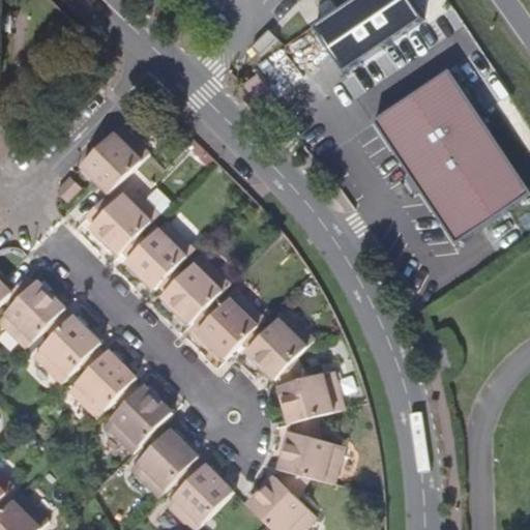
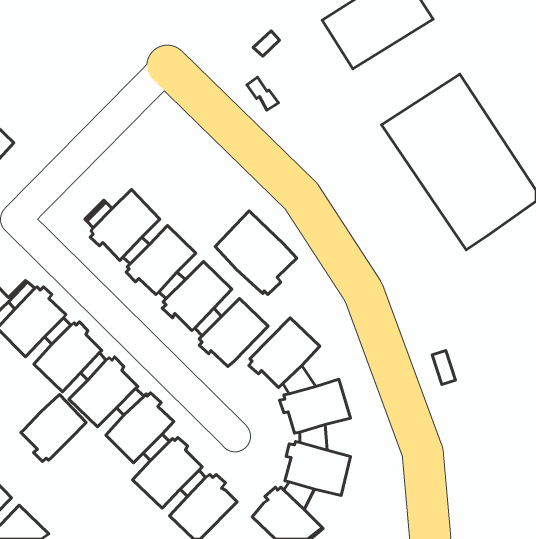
building: [79,126,147,194] -> none
building: none -> [215,211,297,295]
building: none -> [21,394,86,461]

